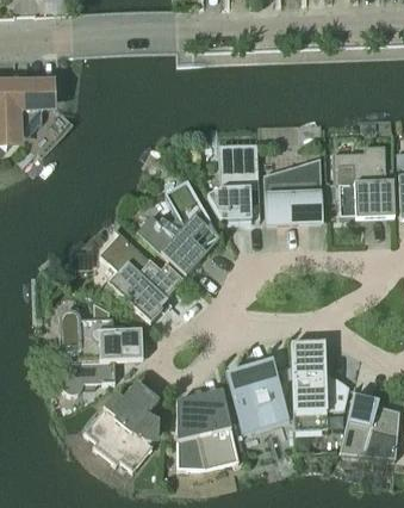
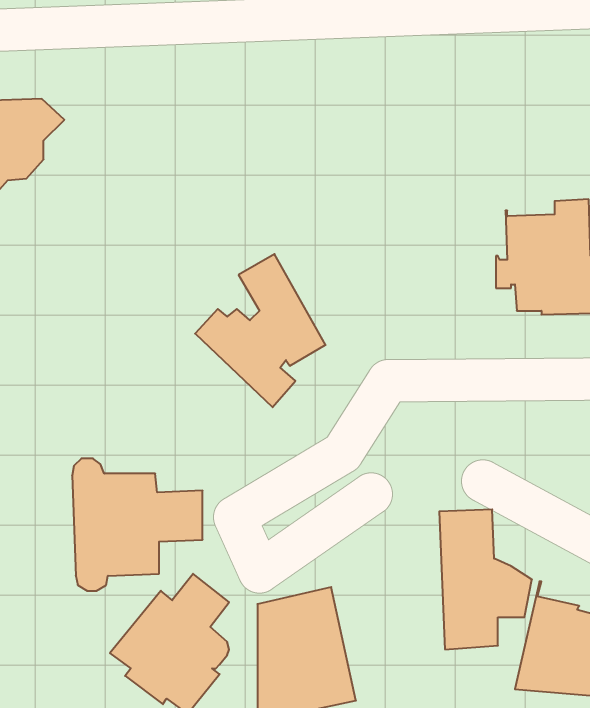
building: [207,142,260,219] -> none
building: [263,157,323,224] -> none
building: [99,231,182,310] -> none
building: [225,359,290,429] -> none

